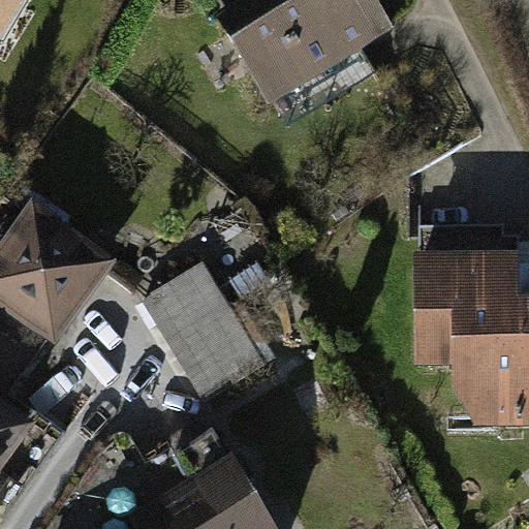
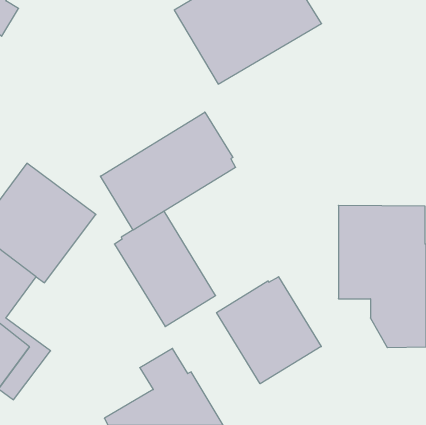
building: none -> [100,112,236,230]
building: none -> [217,277,321,384]

